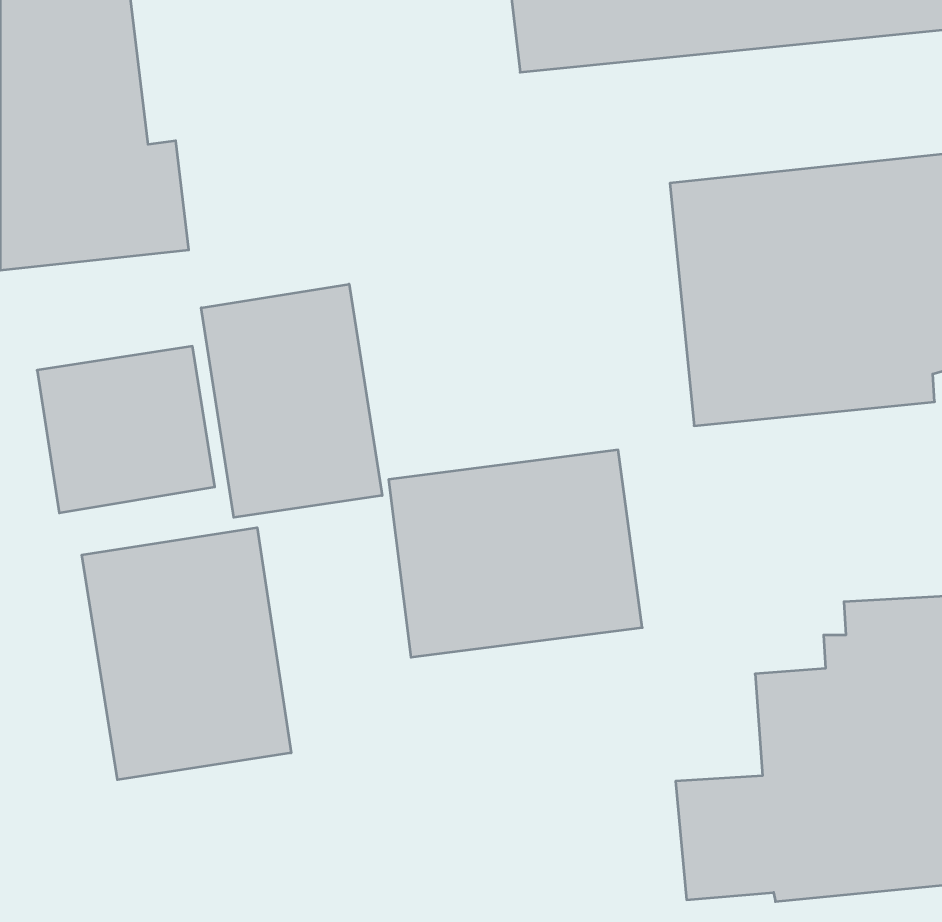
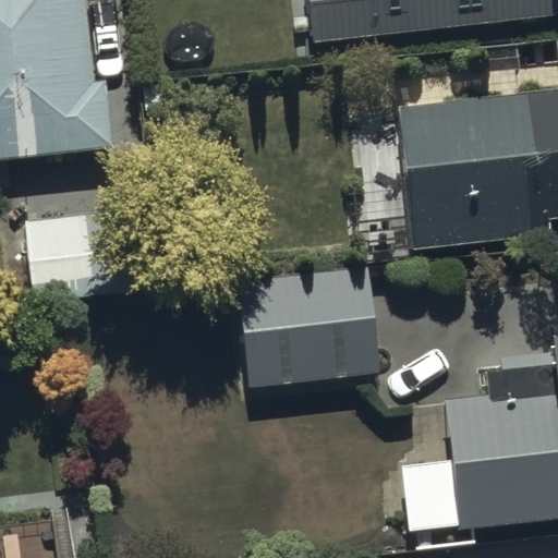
building: [201,284,382,517] -> none
building: [82,528,291,780] -> none

